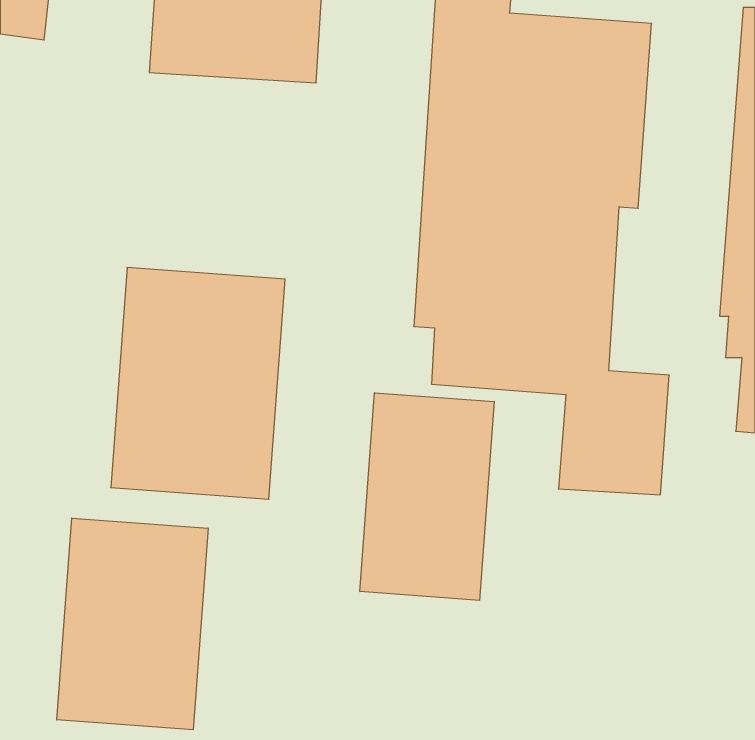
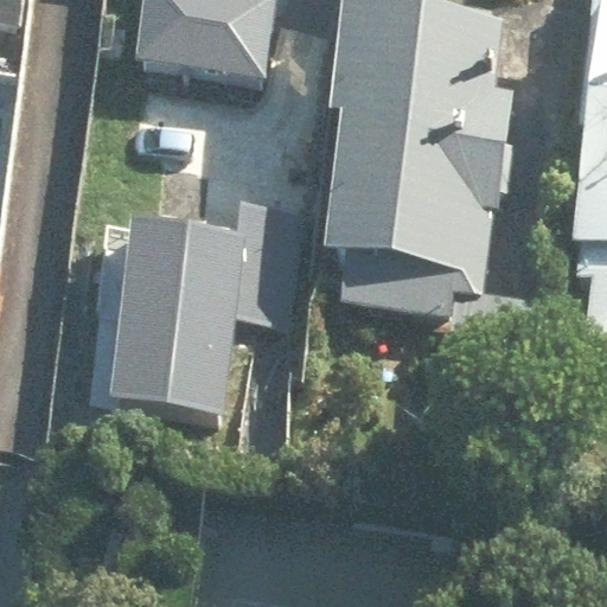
building: [360,393,494,600] -> none
building: [57,518,208,730] -> none

